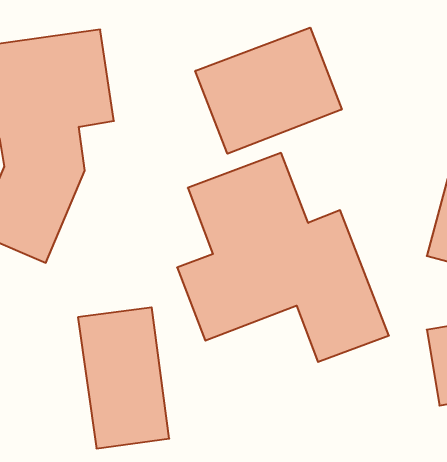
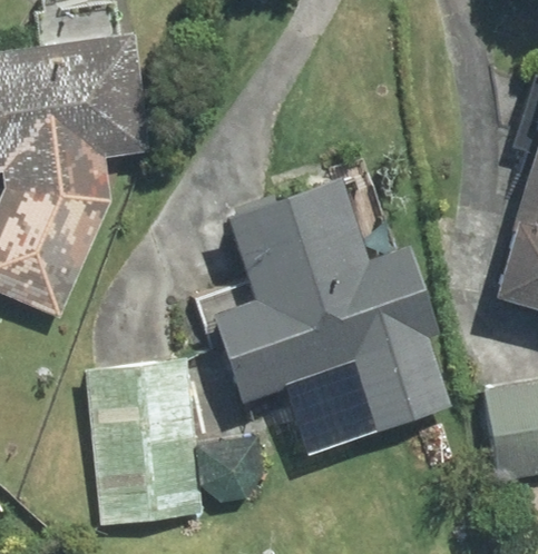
building: [195,28,342,154] -> none

